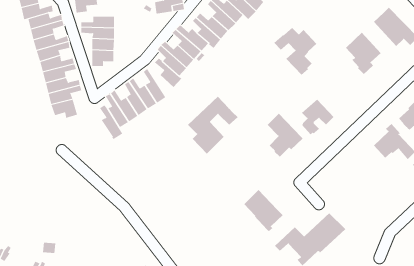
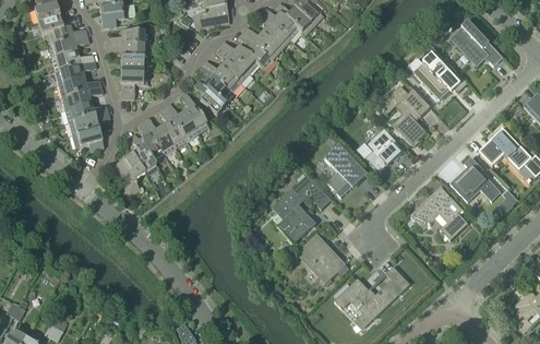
building: [274,27,317,76] -> [379,86,430,143]
building: [187,96,238,154] -> [272,174,332,242]
building: none -> [109,153,144,197]
building: none -> [409,186,466,238]

